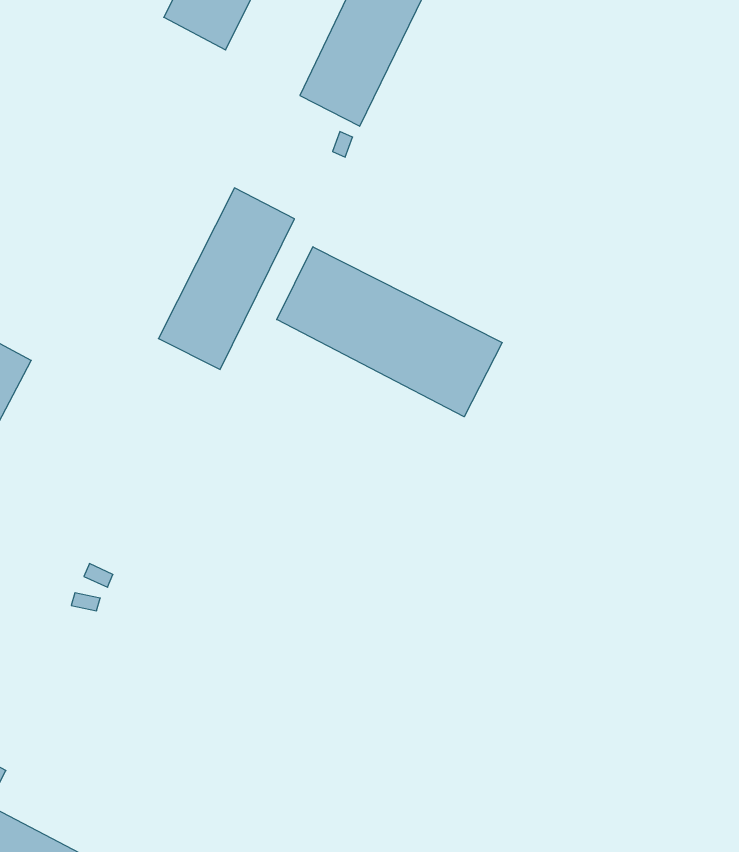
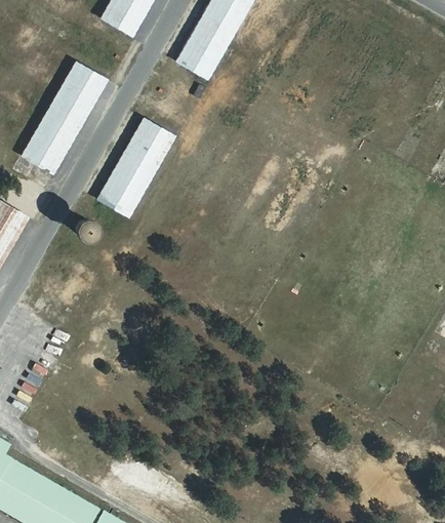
building: none -> [22,58,108,174]
building: [277,247,502,417] -> none

